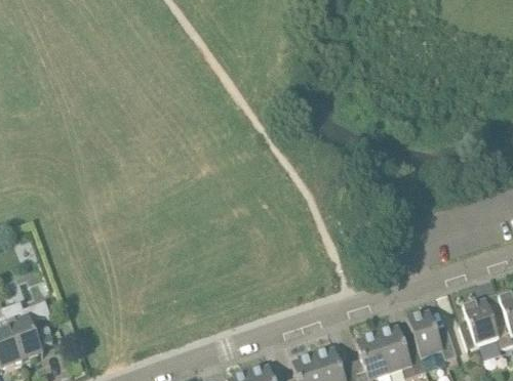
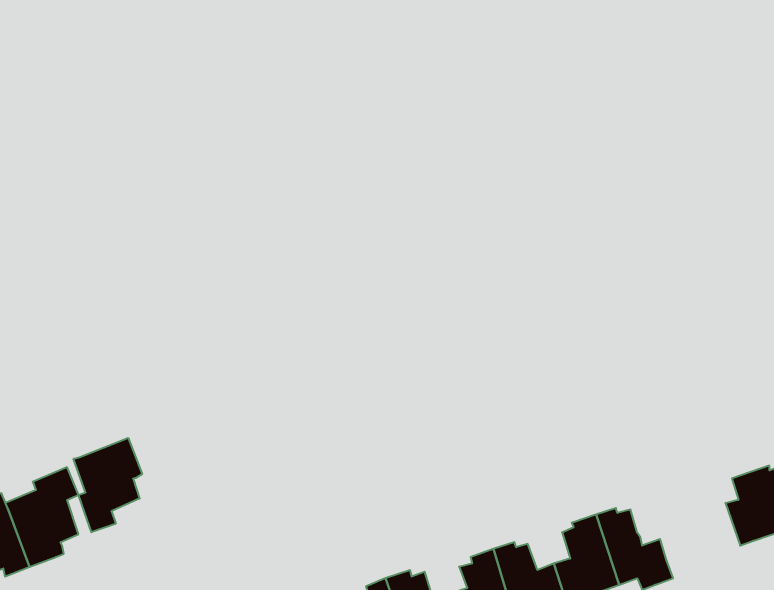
building: none -> [74,438,142,532]
building: [407,311,457,371] -> none

